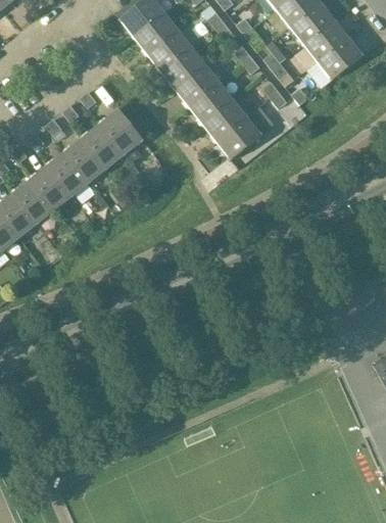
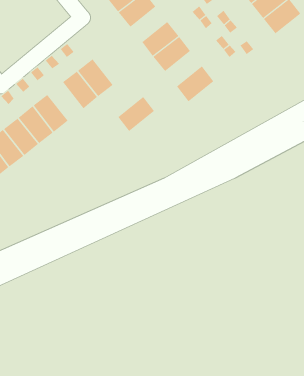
building: [161,47,205,89] -> none
building: [202,99,246,141] -> [117,96,155,132]
building: [64,136,106,181] -> none

